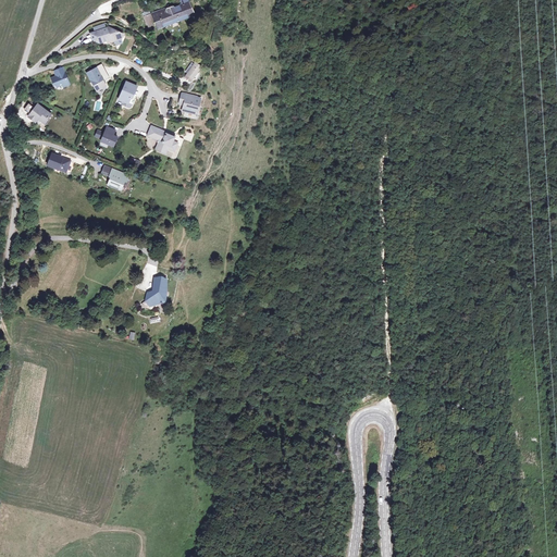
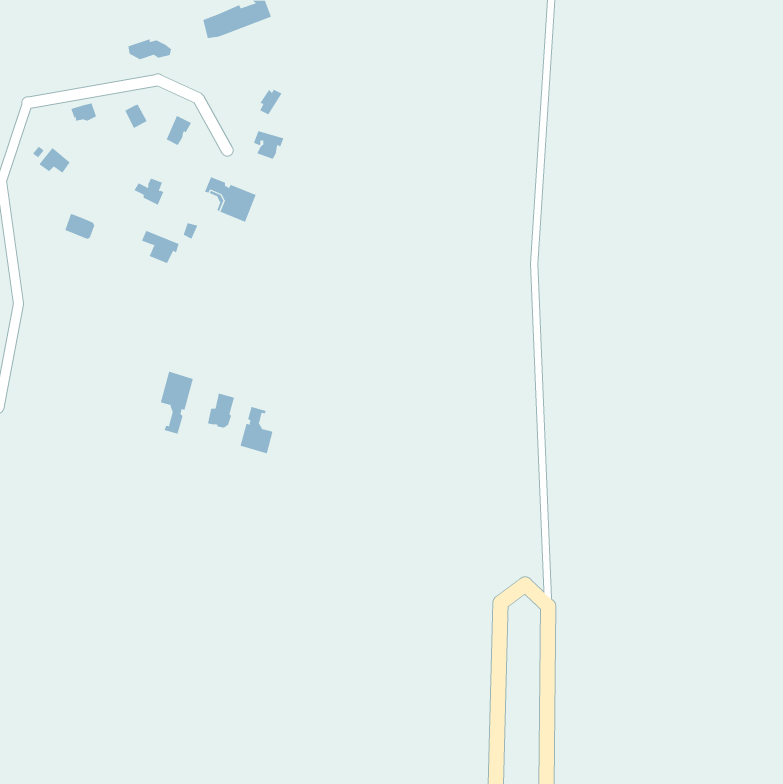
building: none -> [160,371,194,435]
building: none -> [240,406,273,454]

